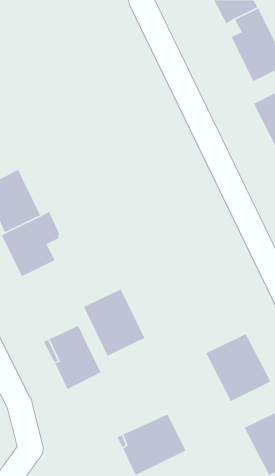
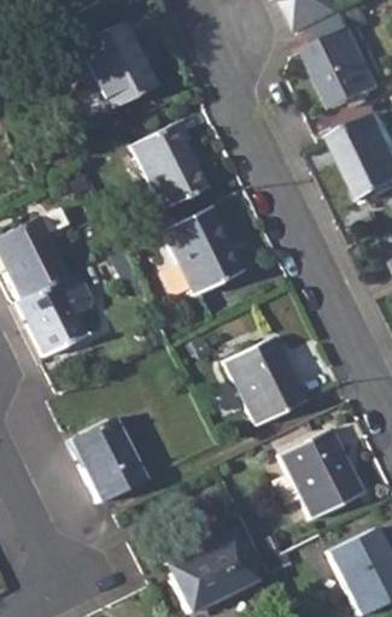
building: none -> [70,20,154,112]
building: none -> [128,121,204,211]
building: none -> [158,207,238,296]
building: [83,289,145,357] -> [221,339,302,427]

